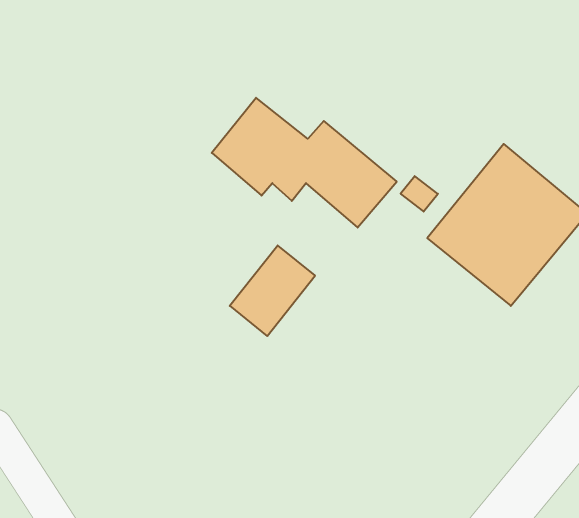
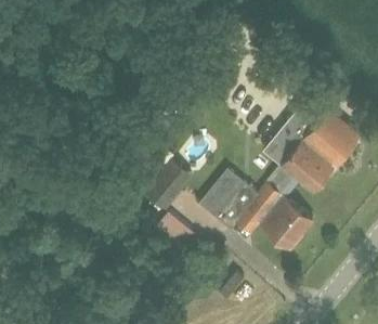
building: [212,98,397,228] -> [199,170,312,249]

